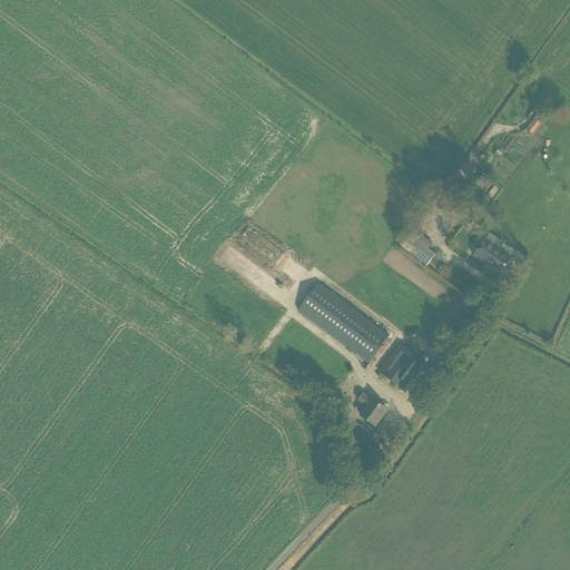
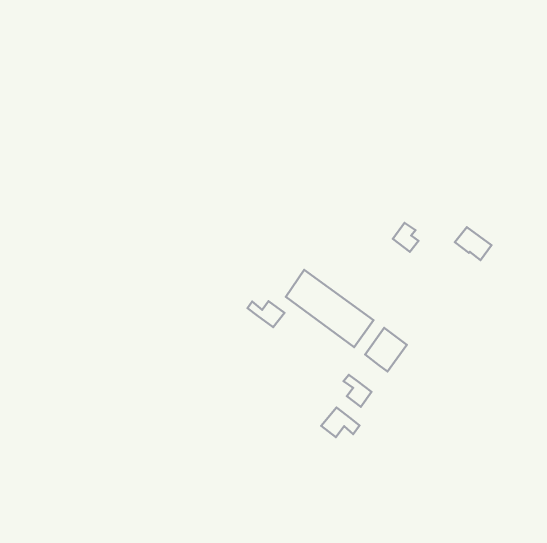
building: none -> [248,301,284,327]
building: none -> [321,407,360,437]

